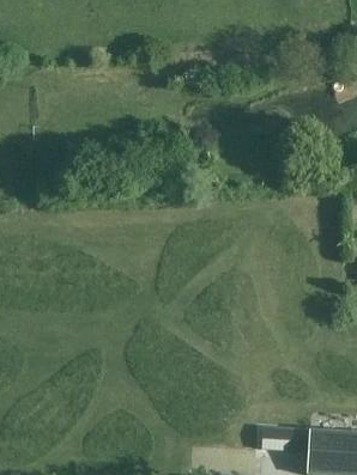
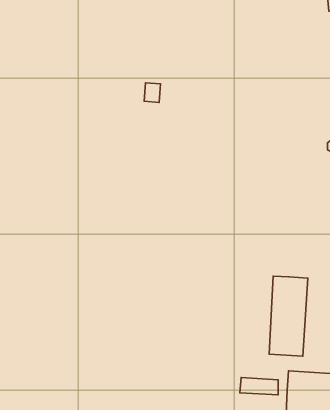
building: none -> [269,276,308,356]

